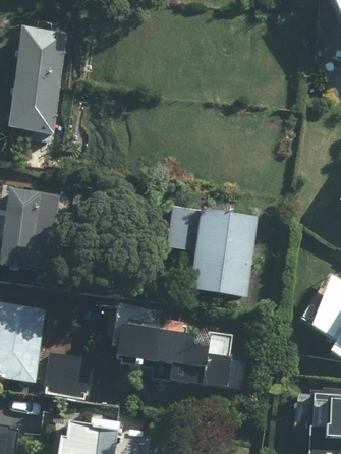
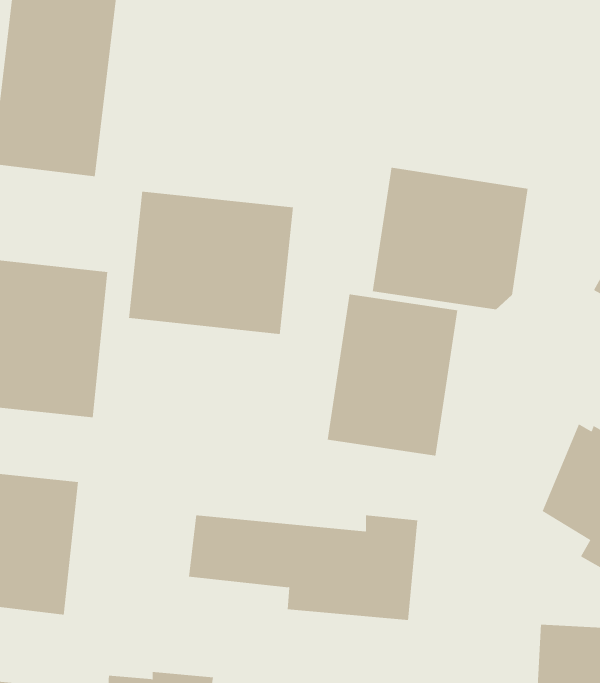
building: none -> [372,167,528,310]
building: none -> [129,191,293,335]
building: [47,351,94,395] -> none

